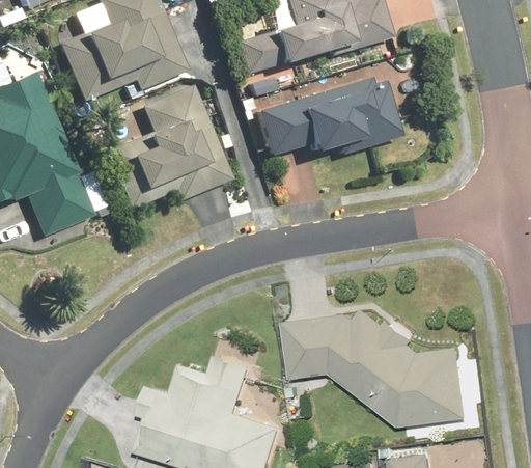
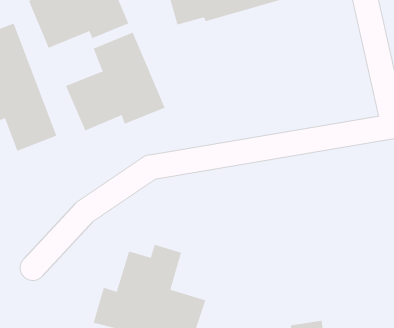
building: [255,79,399,159] -> none
building: [285,308,474,426] -> none

